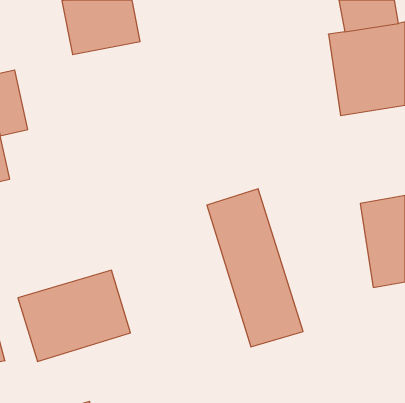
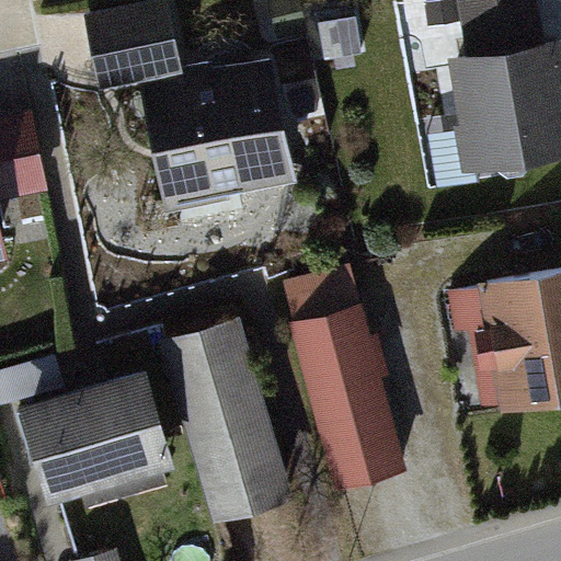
building: none -> [147,68,290,206]
building: none -> [158,325,295,516]

